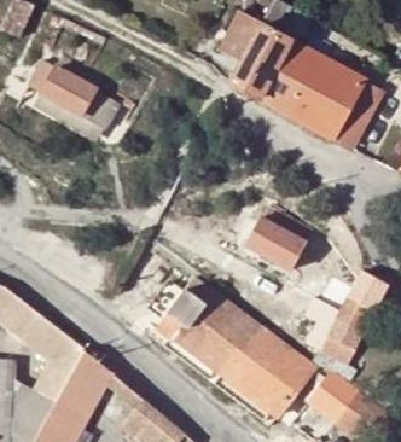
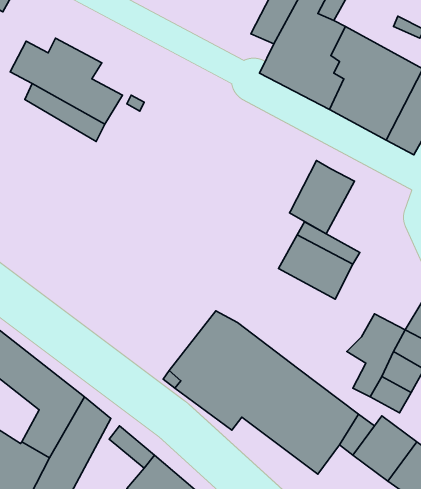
building: none -> [290,161,355,234]

